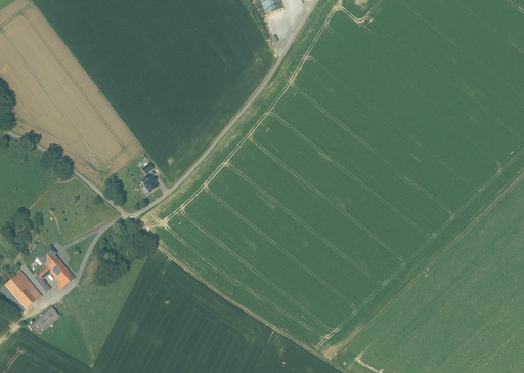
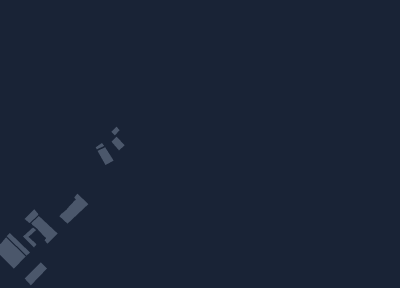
building: none -> [59,193,89,224]

